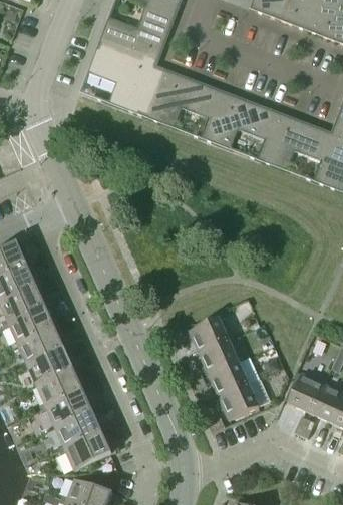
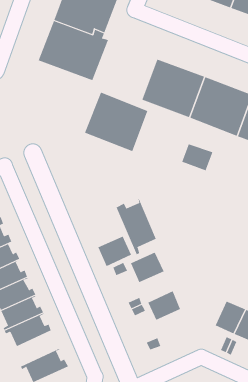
building: [143,67,219,137] -> [84,92,148,152]
building: none -> [182,143,213,171]
building: none -> [116,197,156,255]
building: [198,339,238,375] -> [98,236,132,267]
building: [218,383,258,419] -> none
building: [54,408,105,450] -> none

